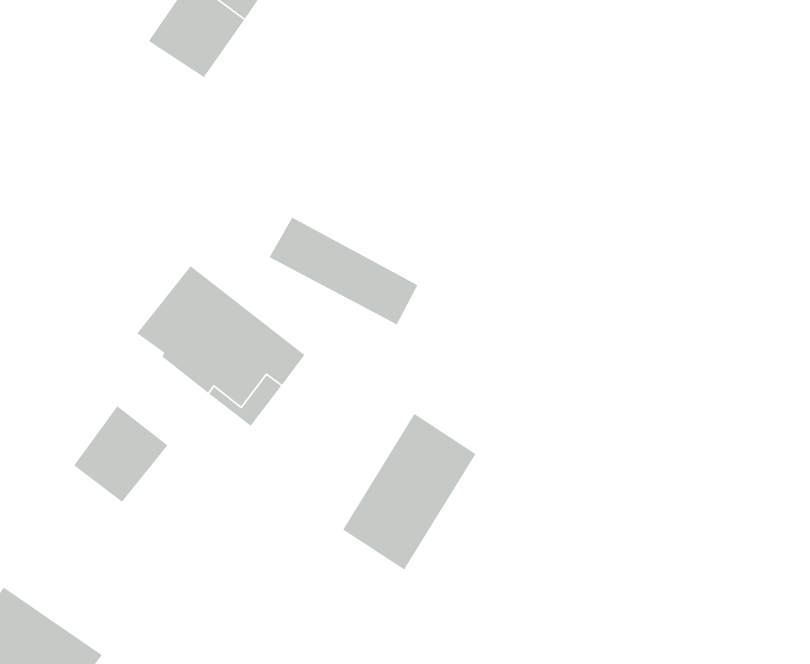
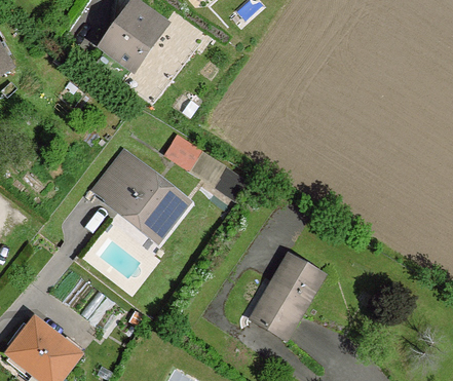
building: [73,405,169,503] -> none
building: [342,413,476,571] -> [257,254,328,337]

